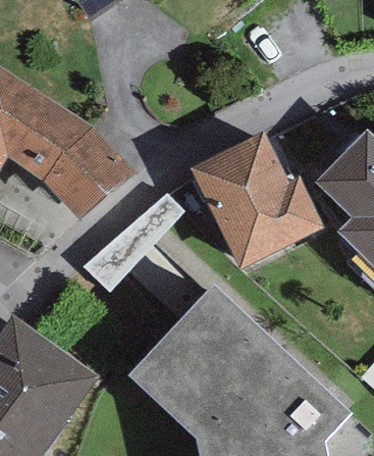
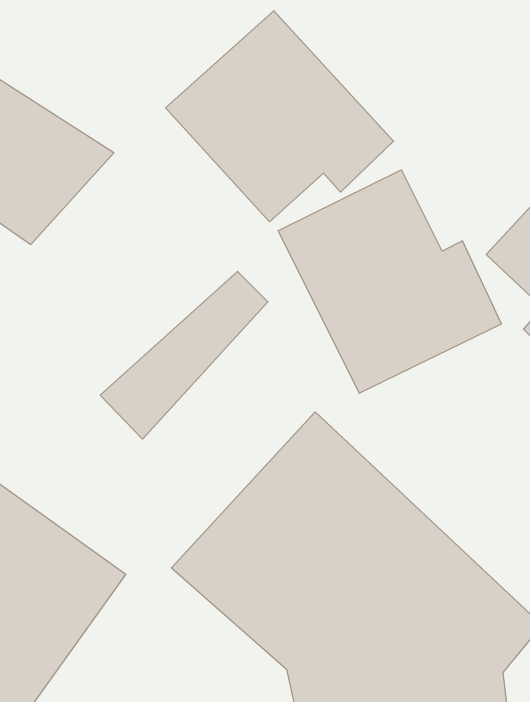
building: none -> [166,11,393,222]
building: [41,123,132,216] -> none

